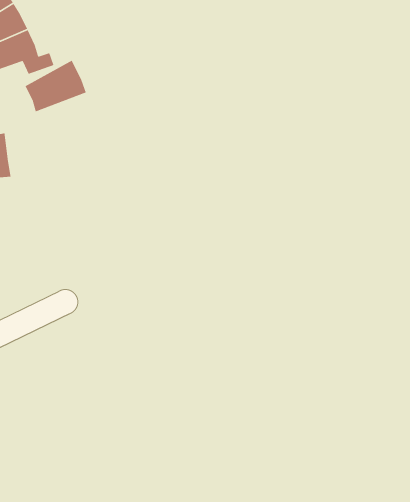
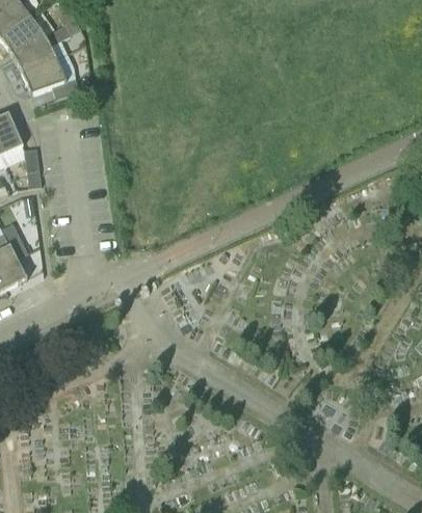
building: [25,59,87,112] -> none

